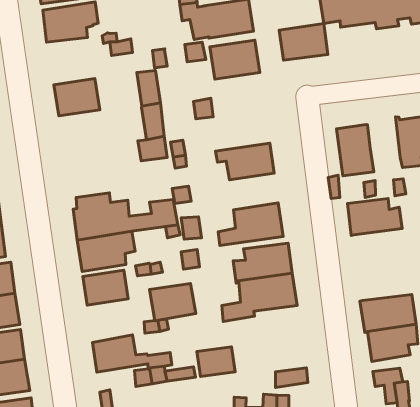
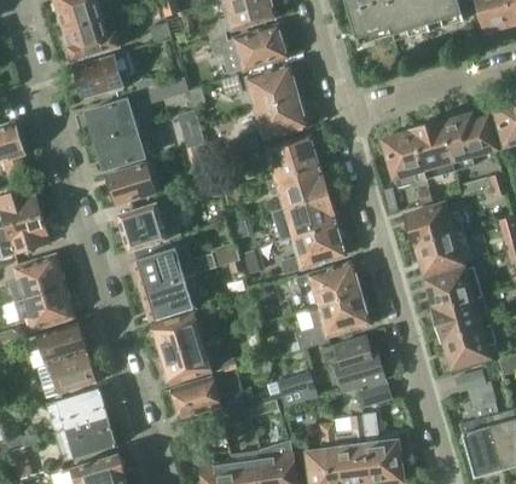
building: [279,23,328,60] -> [255,96,307,138]
building: none -> [87,94,139,138]
building: none -> [266,134,319,178]
building: none -> [106,161,155,203]
building: none -> [411,120,451,178]
building: none -> [118,200,181,249]
building: none -> [284,194,336,236]
building: none -> [416,230,471,272]
building: none -> [425,265,482,307]
building: [150,283,196,321] -> [161,340,210,382]
building: none -> [331,333,385,390]

